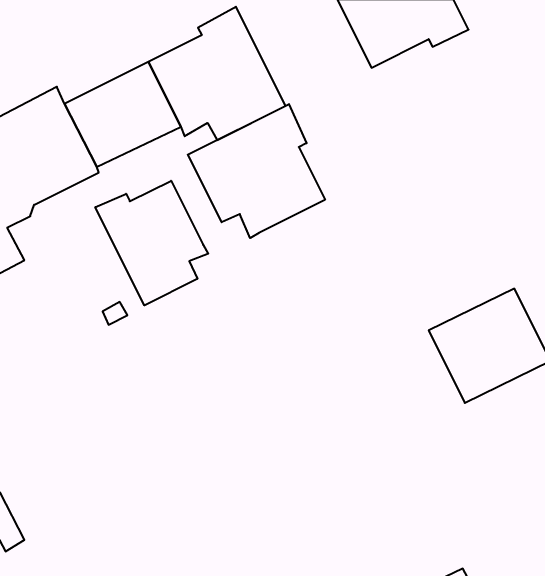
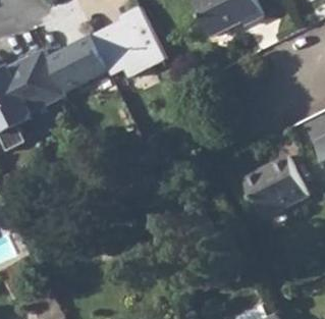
building: [188,104,325,238] -> none
building: [95,181,208,305] -> none

